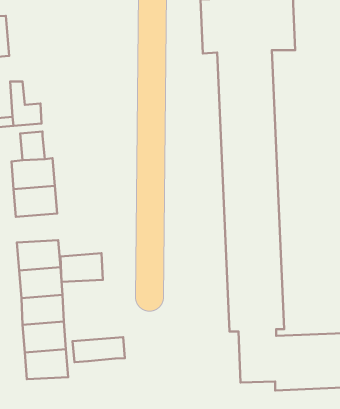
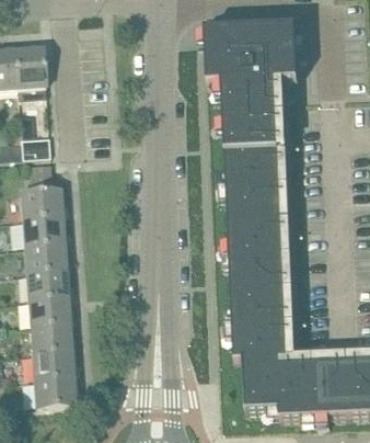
building: none -> [15,45,46,87]
building: [60,253,103,282] -> [25,242,67,271]
building: [73,337,125,362] -> none

